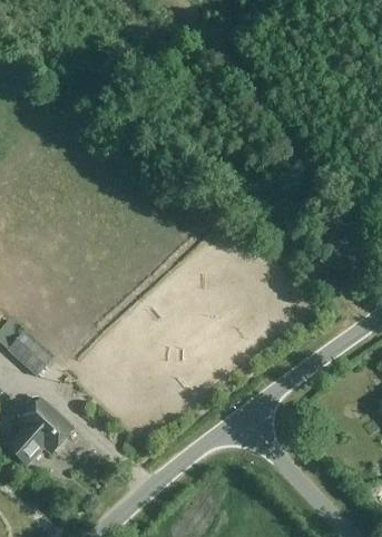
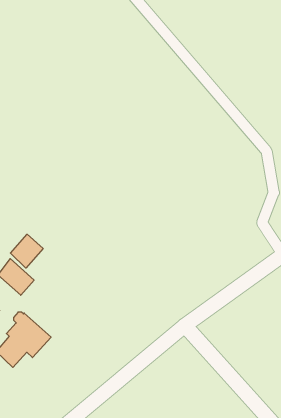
building: none -> [10,234,43,268]

